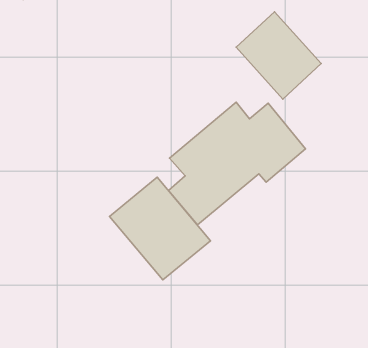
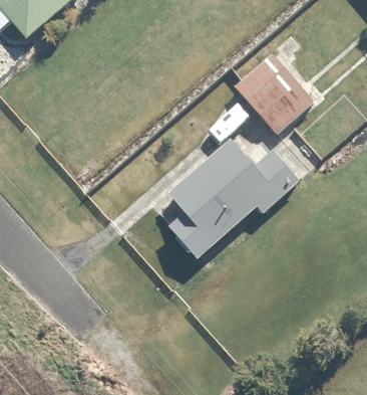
building: [110,177,210,280] -> none

